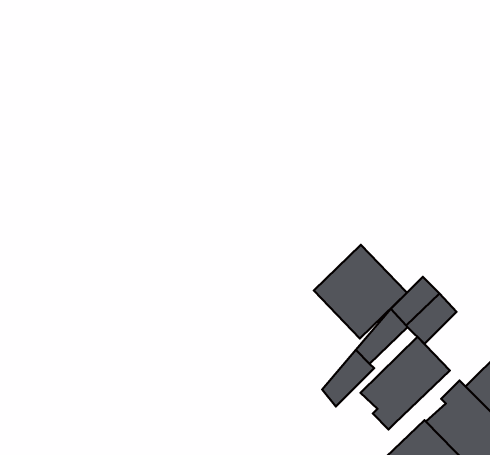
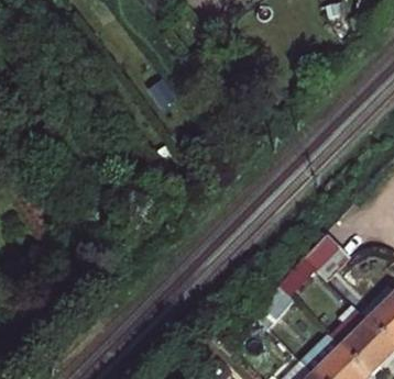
building: [314,245,407,338] -> none
building: [361,337,450,430] -> none

